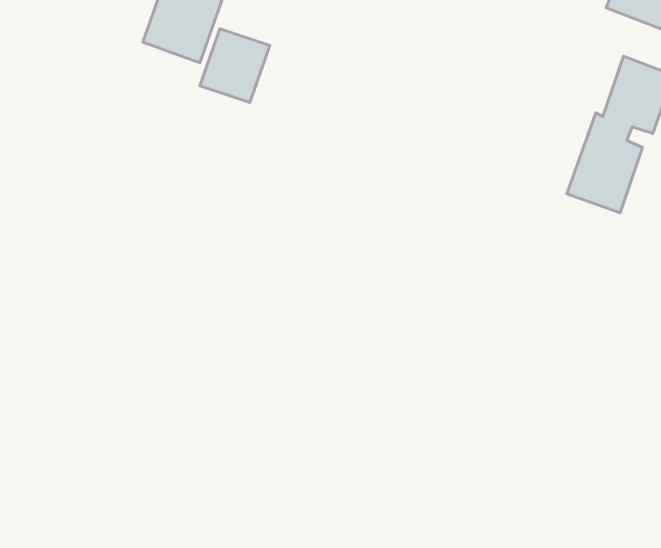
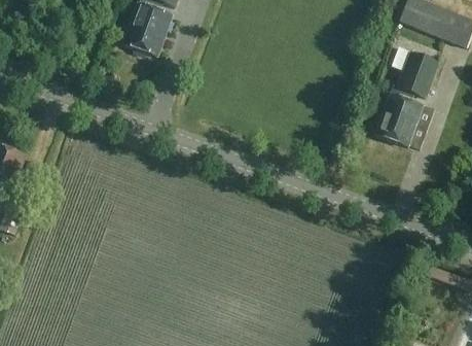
building: [200,29,270,103] -> none

